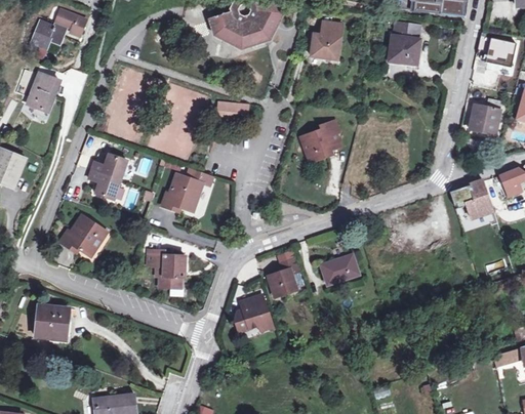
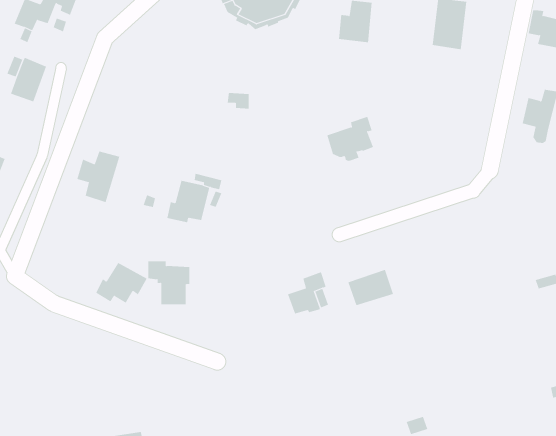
building: [461,179,493,216] -> none
building: [58,214,104,250] -> [95,262,148,303]
building: [235,294,271,329] -> none
building: [34,305,68,340] -> none

